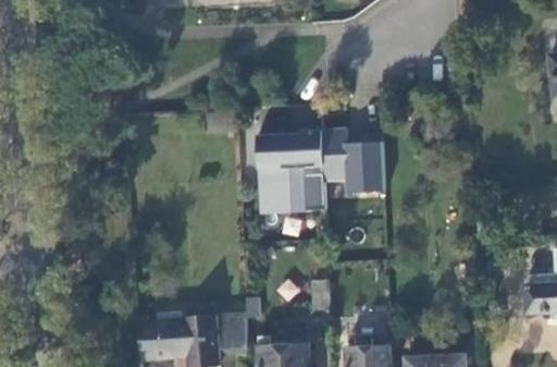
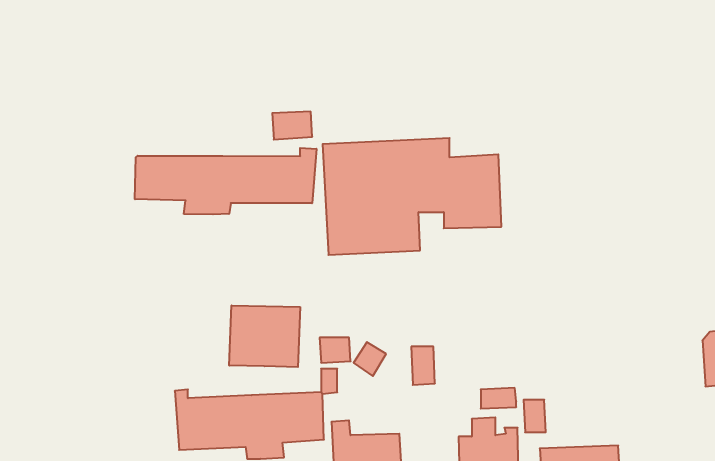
building: none -> [135,148,316,214]
building: none -> [229,305,300,367]

